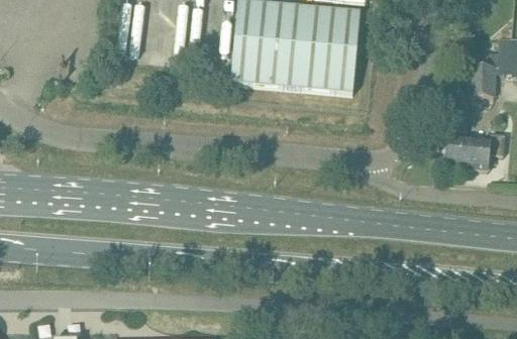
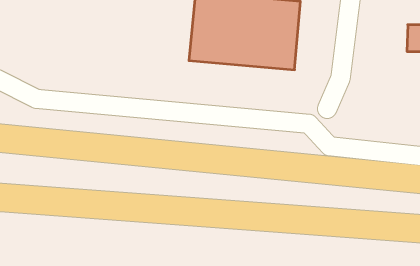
building: [466,64,491,95] -> none
building: [440,132,501,168] -> none

